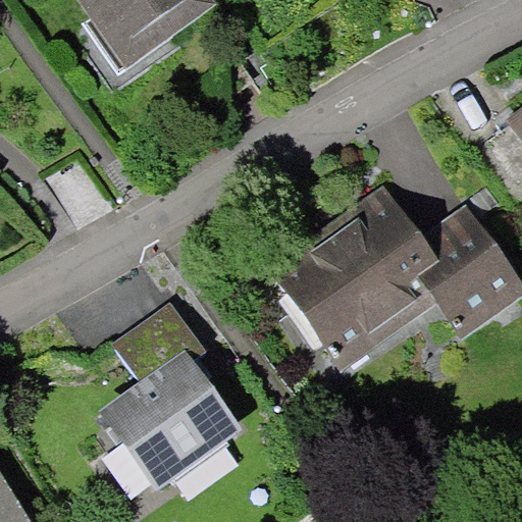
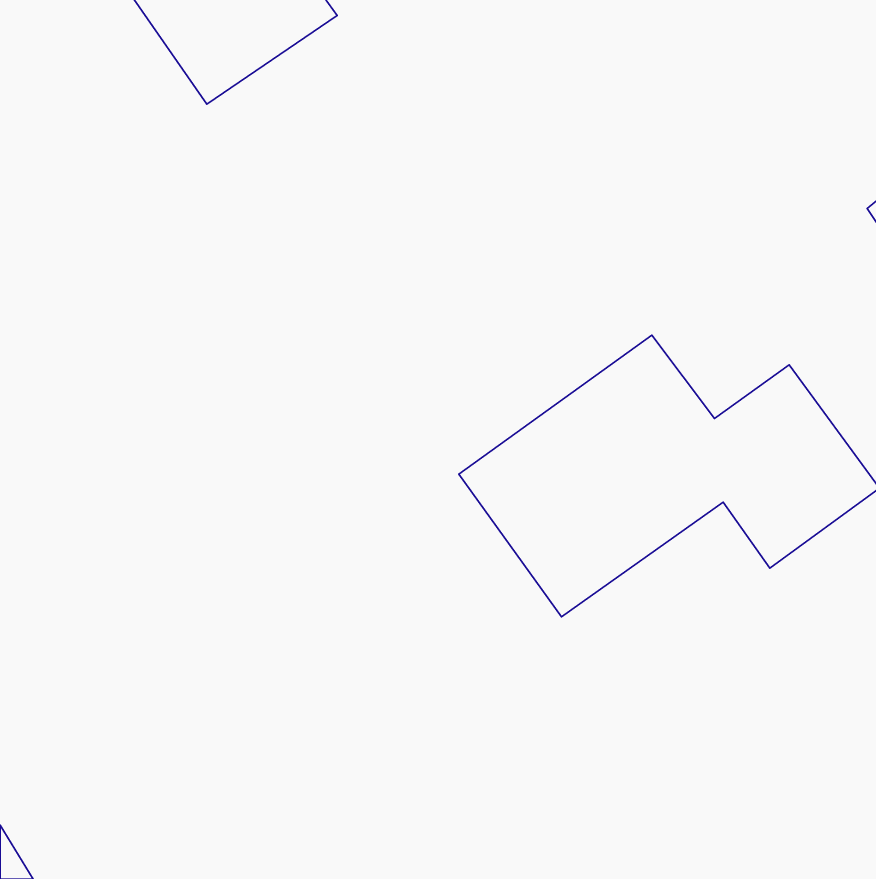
building: [108,303,234,484] -> none

